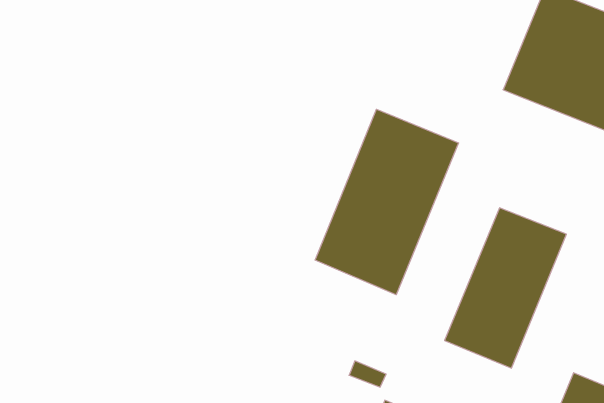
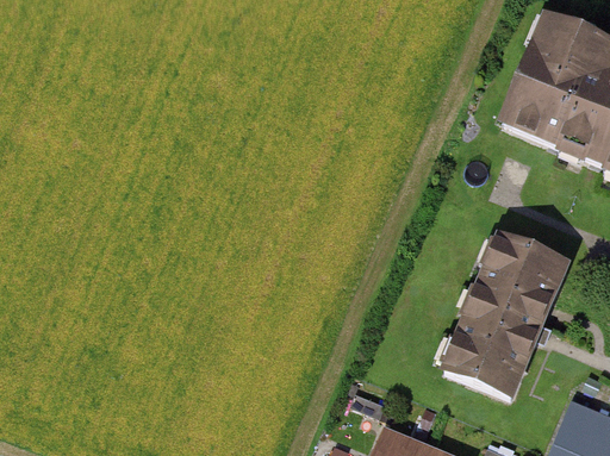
building: [315,109,459,295] -> none

